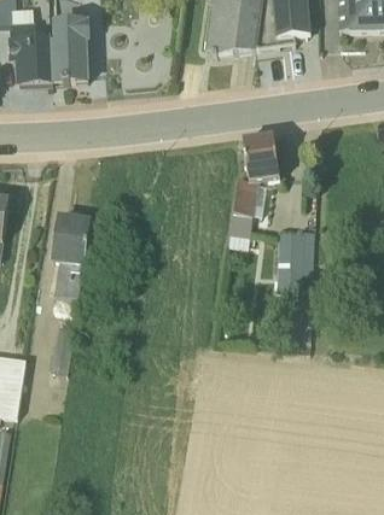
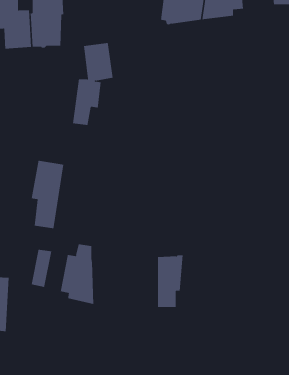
building: [229,135,279,234] -> [72,43,114,125]
building: [278,228,309,291] -> [157,255,183,307]
building: none -> [60,243,94,305]

